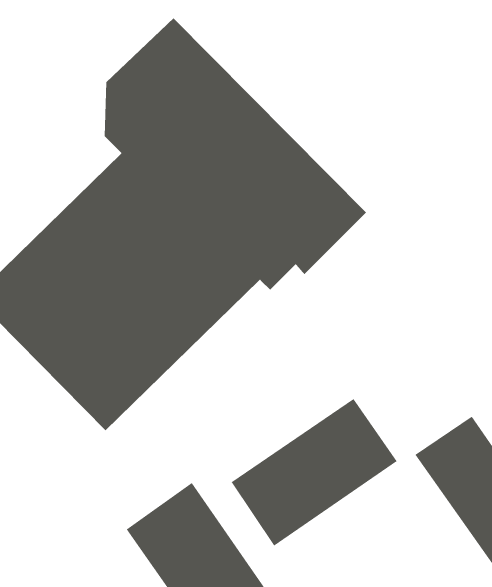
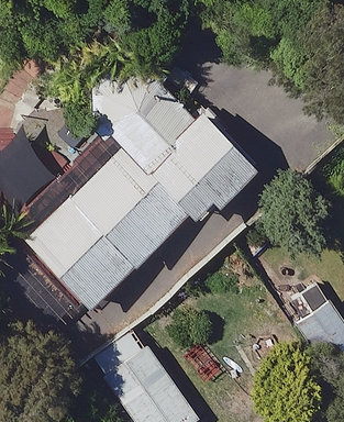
building: [231,398,397,547] -> none

